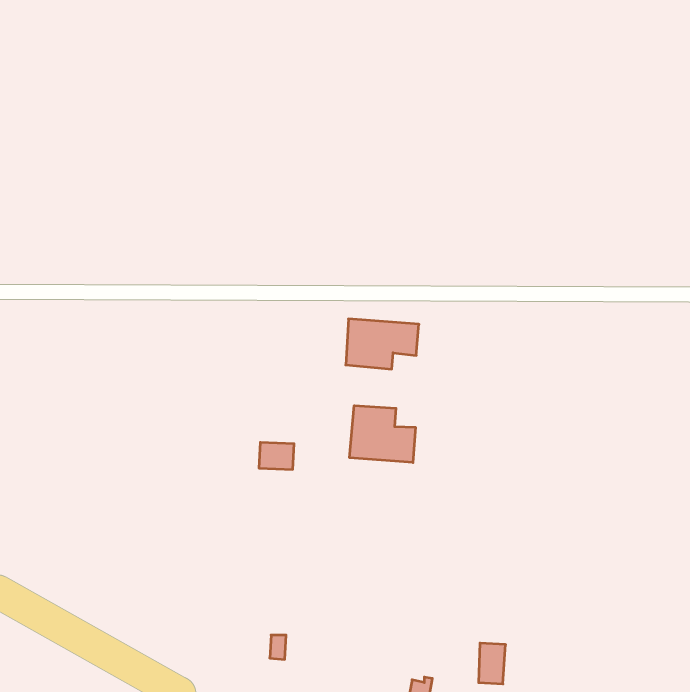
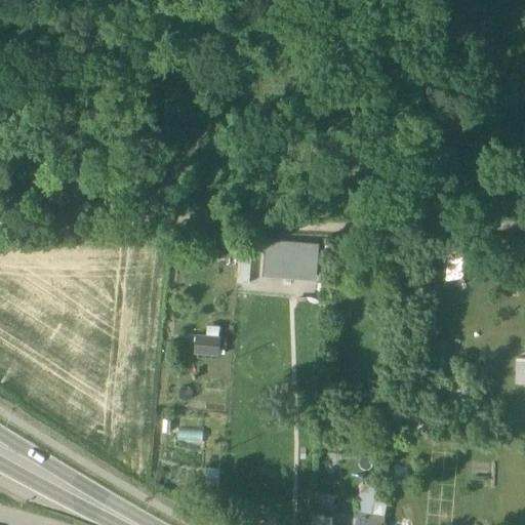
building: [350,406,415,463] -> none

